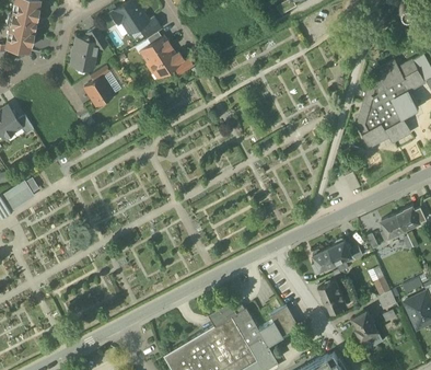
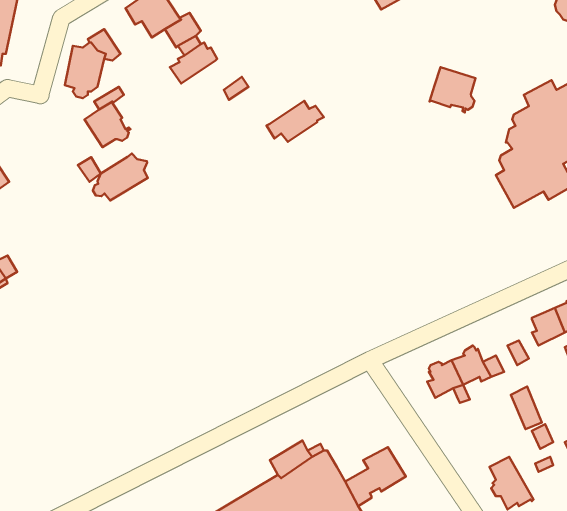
building: [147,48,185,76] -> [266,101,324,142]
building: none -> [430,67,476,113]
building: none -> [93,153,148,201]
building: [321,281,348,313] -> none

